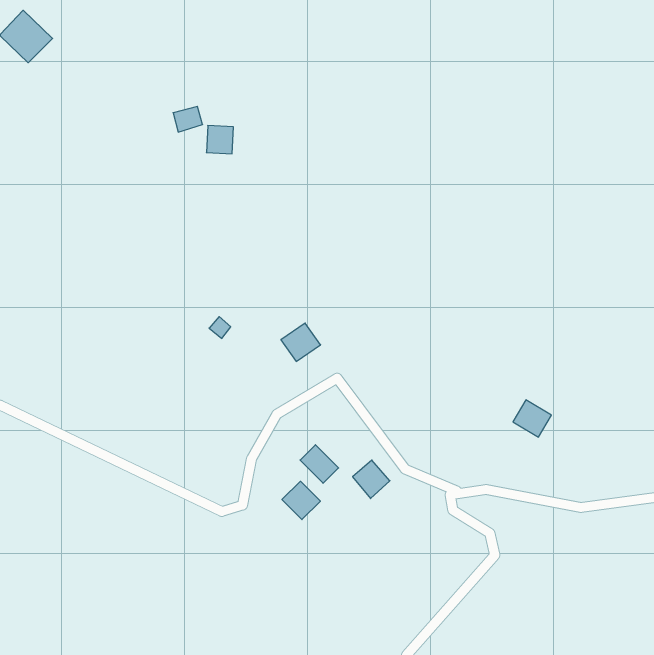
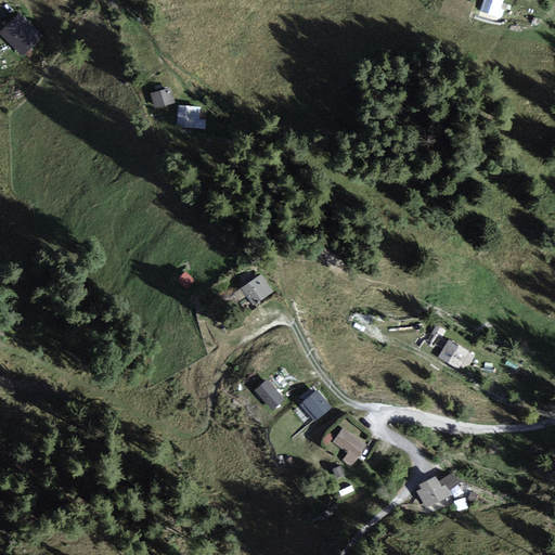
building: [282,481,320,520] -> none
building: none -> [331,427,366,466]
building: none -> [417,476,452,507]

